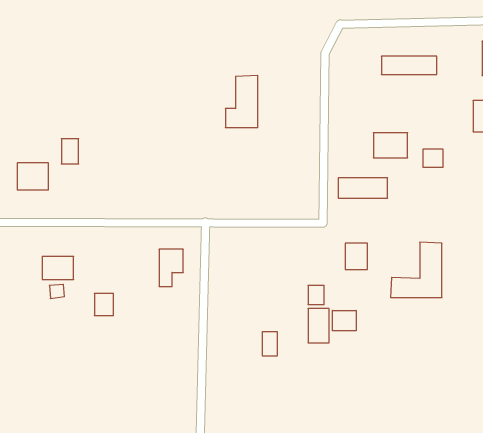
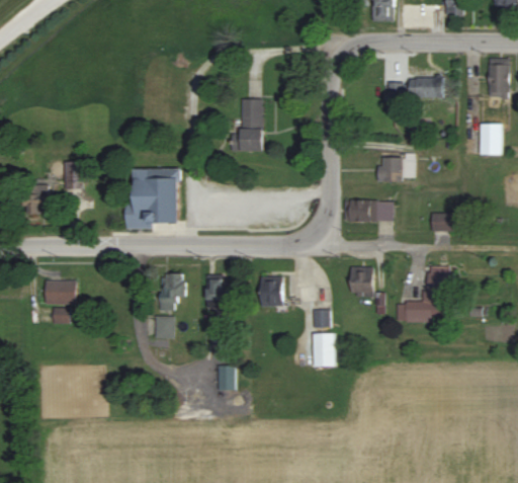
building: none -> [125,168,179,226]
building: [423,149,443,167] -> [431,213,451,231]
building: none -> [261,277,283,308]
building: none -> [207,278,227,306]
building: [94,293,113,316] -> [157,316,176,338]
building: [332,310,356,331] -> none
building: [262,332,277,356] -> [221,367,236,391]

